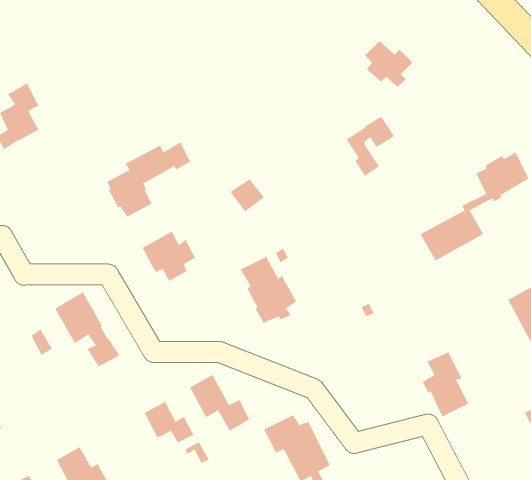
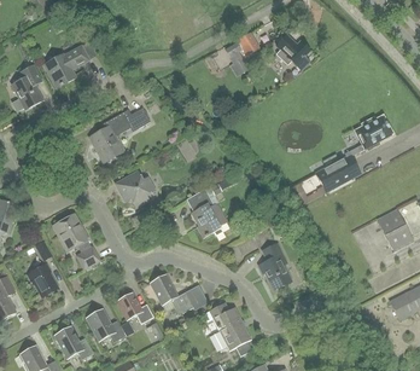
building: none -> [43,46,88,87]
building: [346,116,395,176] -> [224,34,259,77]
building: [422,352,469,417] -> [258,243,292,290]
building: none -> [28,262,58,296]
building: none -> [86,308,126,342]

